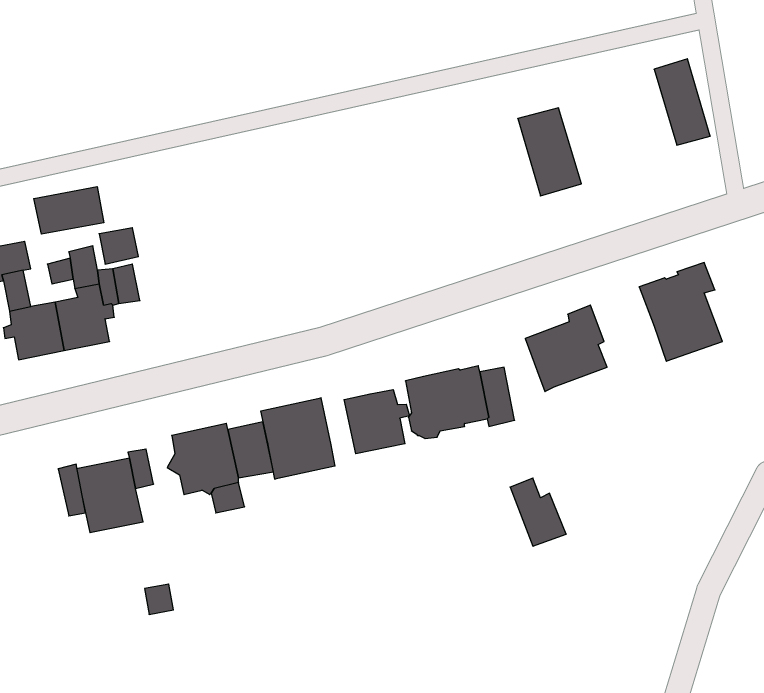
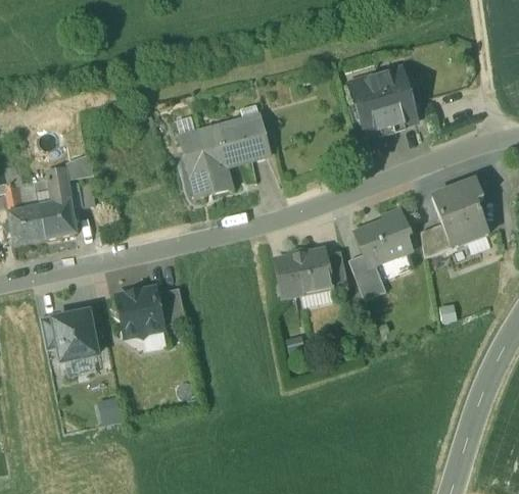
building: [654,59,710,145] -> [378,67,416,126]
building: none -> [181,118,270,197]
building: [34,187,104,234] -> none
building: none -> [421,221,451,255]
building: [344,390,409,454] -> none
building: [261,398,335,479] -> none
building: [510,478,566,546] -> [348,252,386,298]

